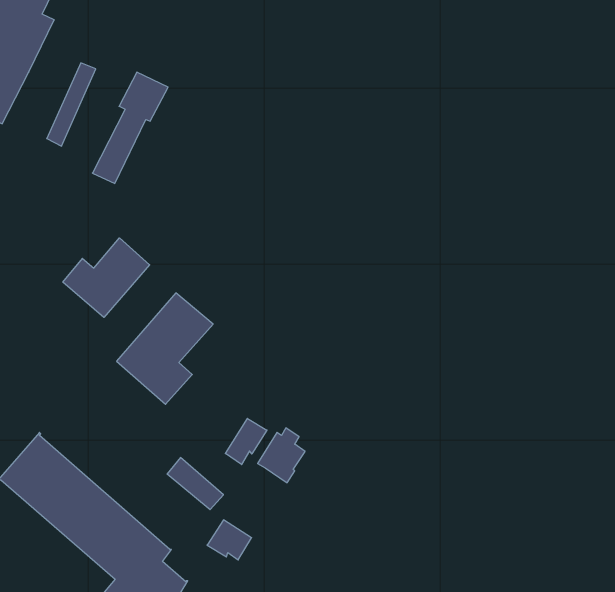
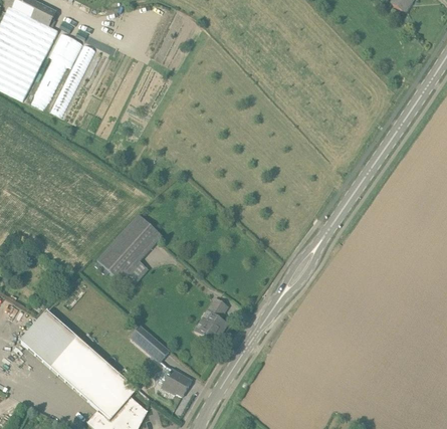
building: [92,72,168,183] -> [30,32,81,108]
building: [63,238,150,317] -> none
building: [225,418,267,465] -> none

